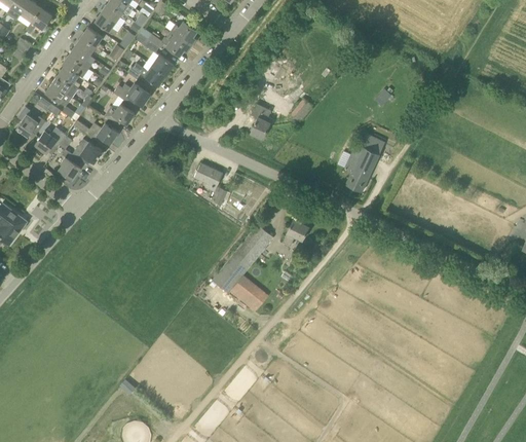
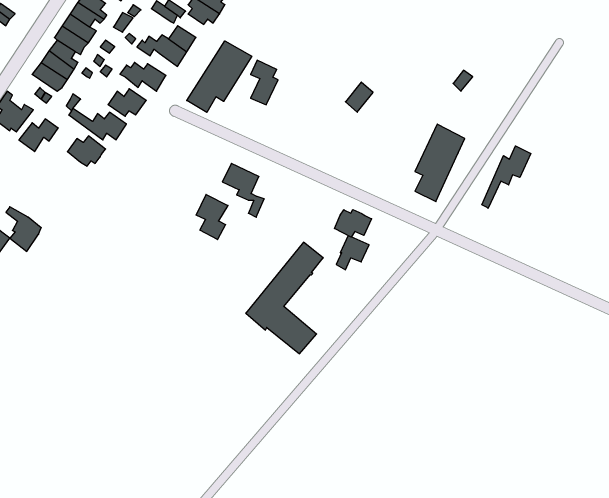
building: none -> [187,41,252,112]
building: [251,103,272,138] -> [251,60,278,105]
building: [55,145,83,180] -> [6,207,41,251]
building: none -> [482,146,531,208]
building: none -> [196,194,228,240]
building: none -> [335,210,372,237]

